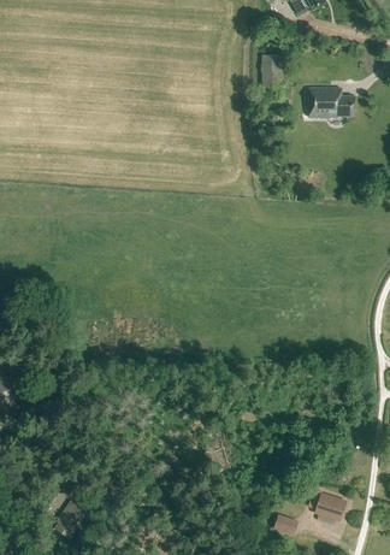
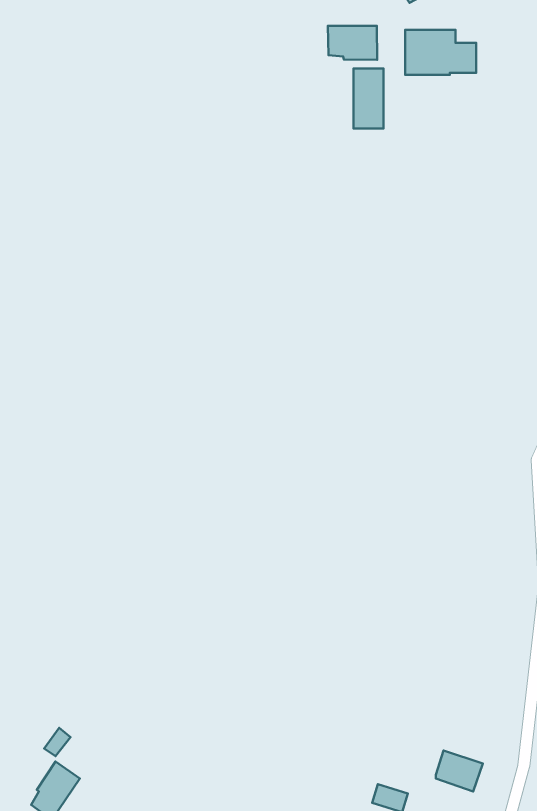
building: none -> [328,26,377,60]
building: [309,87,355,116] -> [405,30,476,75]

